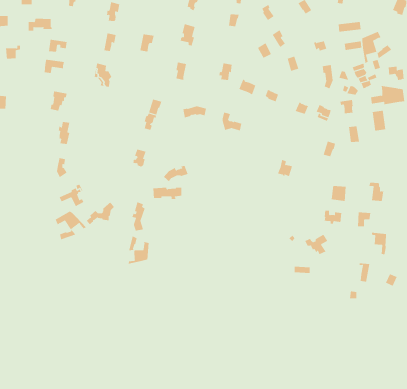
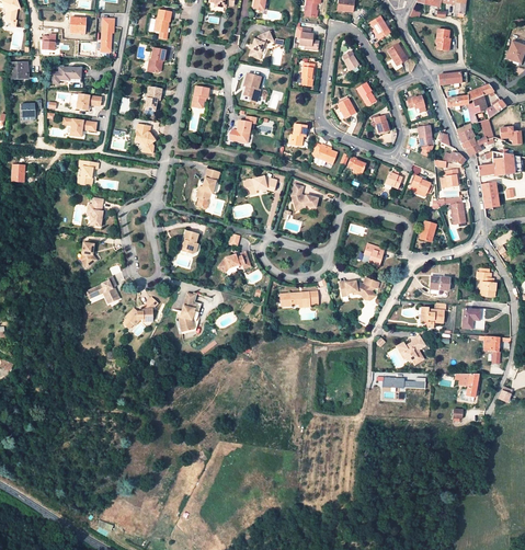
building: none -> [340,277,380,298]
building: [152,187,182,199] -> [277,291,315,307]
building: [55,210,87,240] -> none
building: [128,235,149,264] -> none

